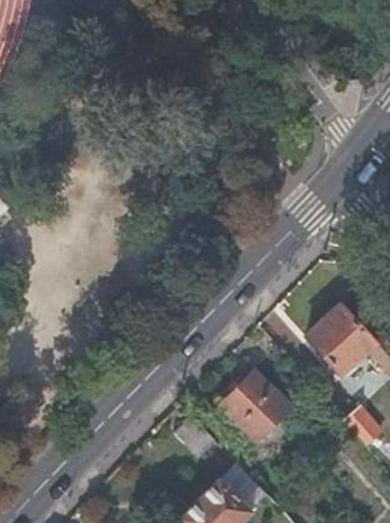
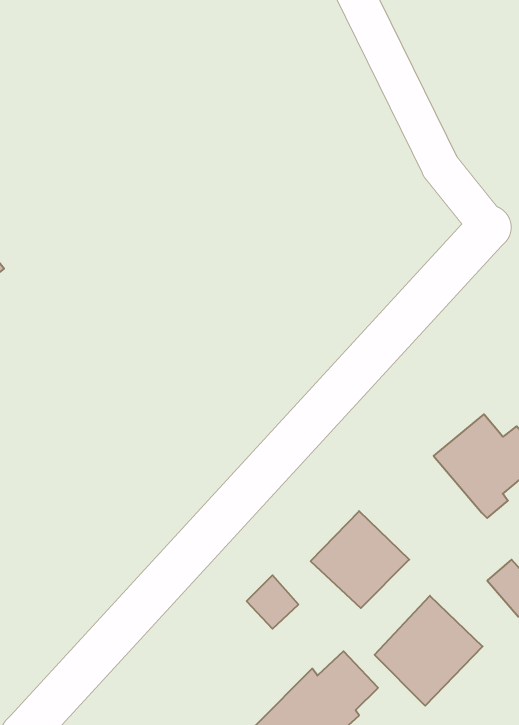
building: none -> [375,596,483,706]

